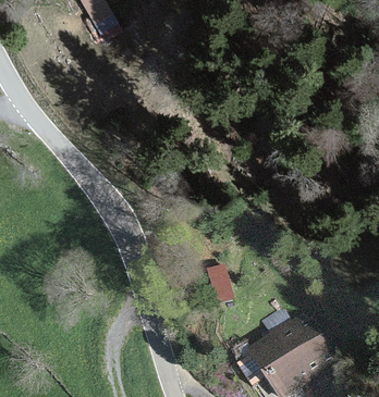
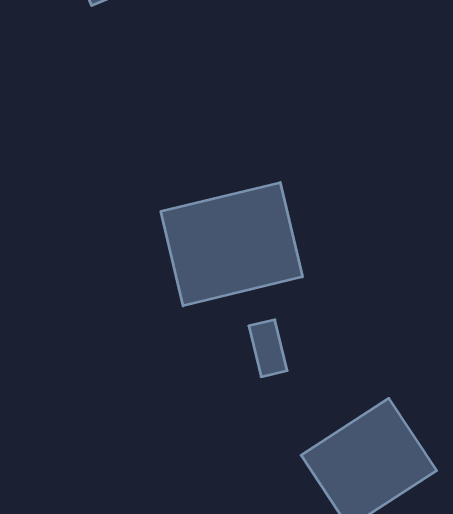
building: none -> [161,182,302,306]

